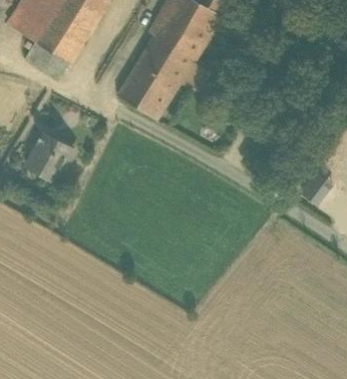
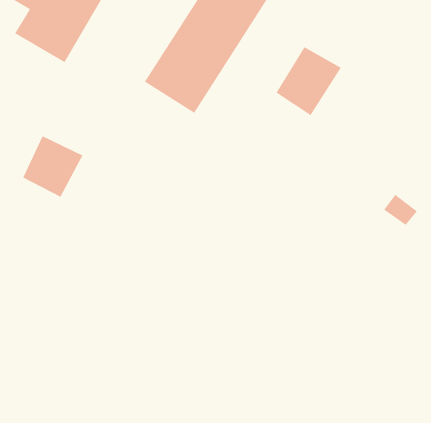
building: none -> [276,46,342,116]

